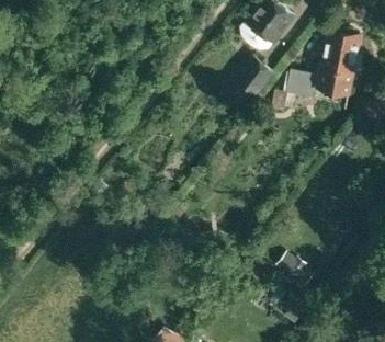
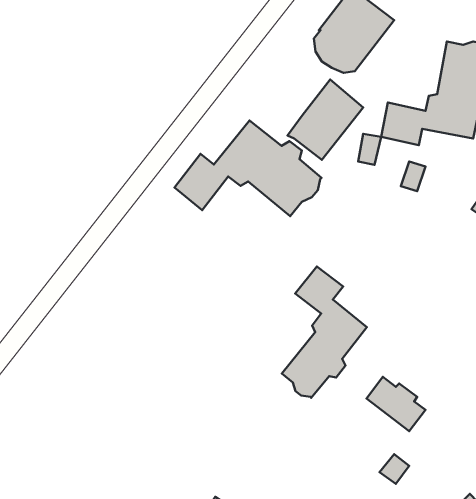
building: none -> [174,120,322,216]
building: none -> [282,266,367,398]

